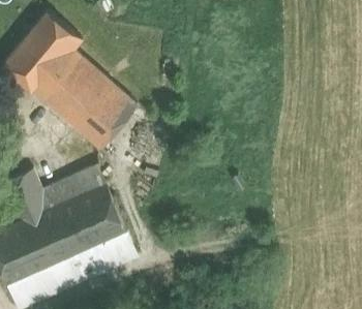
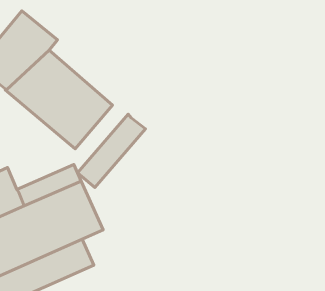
building: none -> [78,114,145,188]

